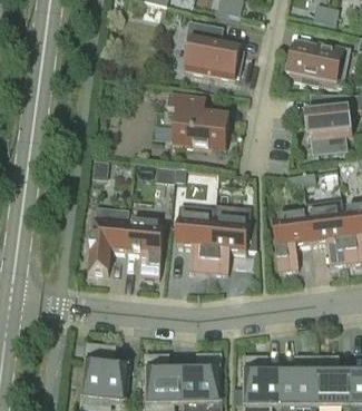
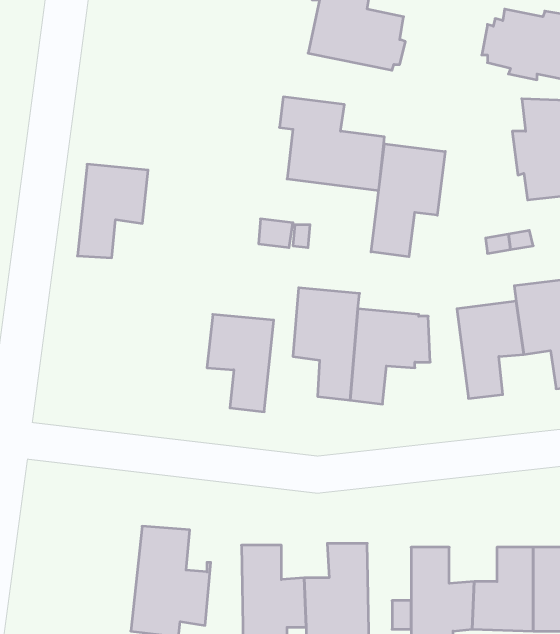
building: none -> [371,144,445,257]
building: [87,217,128,272] -> [77,164,148,258]

